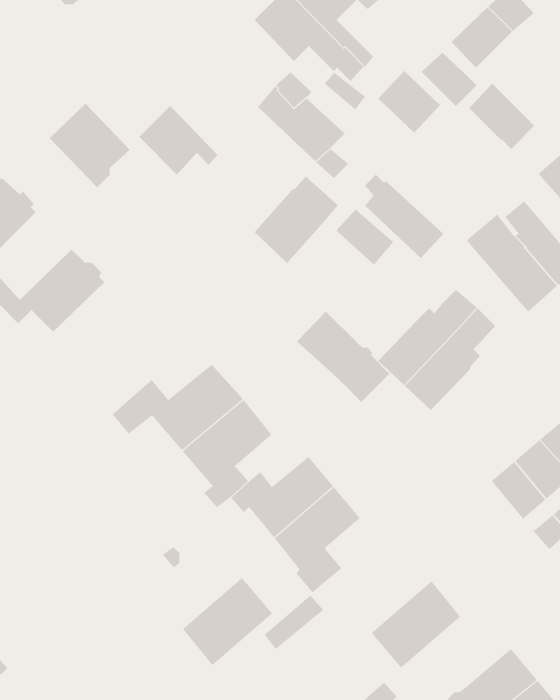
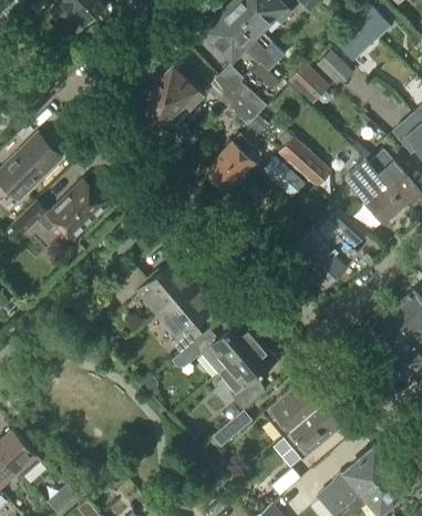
building: [468,83,535,150] -> none
building: [49,103,131,188] -> [150,64,204,121]
building: [296,311,390,403] -> none
building: [182,577,274,666] -> [263,379,323,437]

